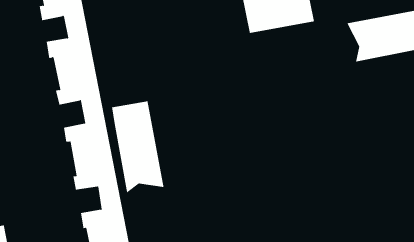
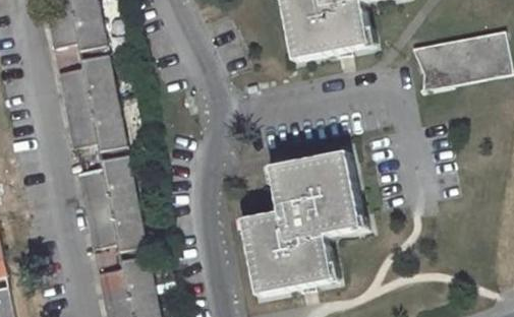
building: [111,100,164,194] -> none
building: none -> [245,148,364,295]

